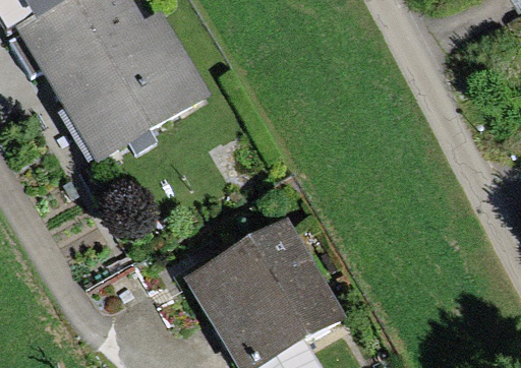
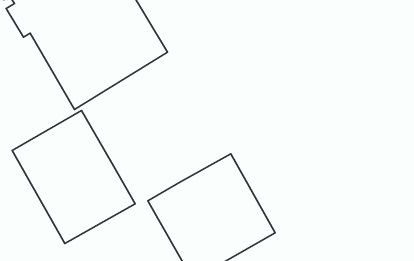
building: none -> [12,110,135,243]

